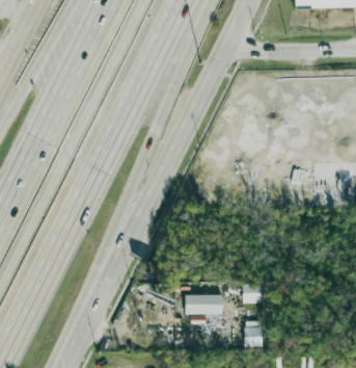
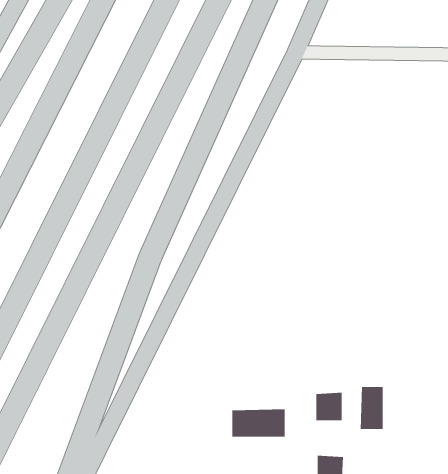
building: none -> [360,386,383,430]

